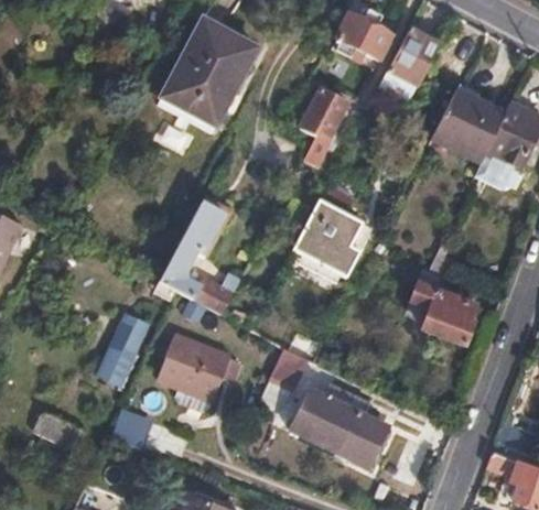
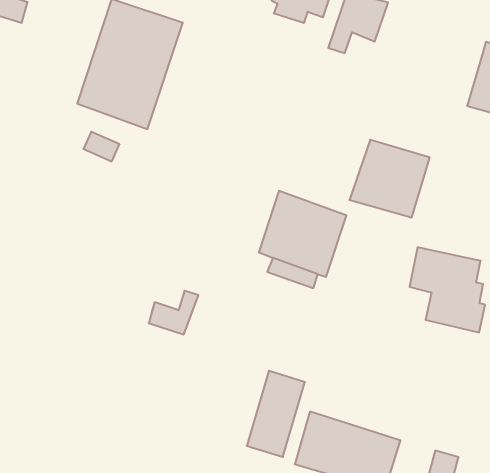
building: [433,90,506,161] -> [349,140,430,217]
building: [301,91,346,138] -> none
building: [161,202,219,294] -> none
building: [99,312,149,382] -> none
building: [160,330,233,392] -> none

